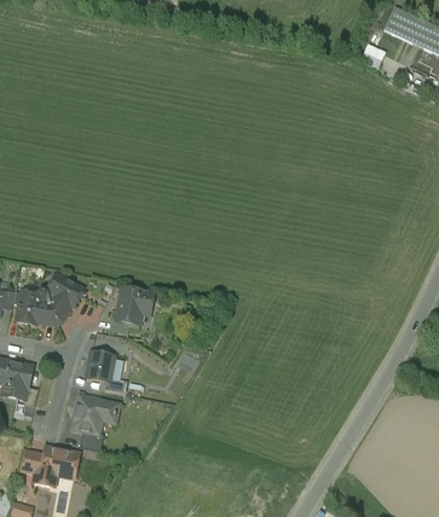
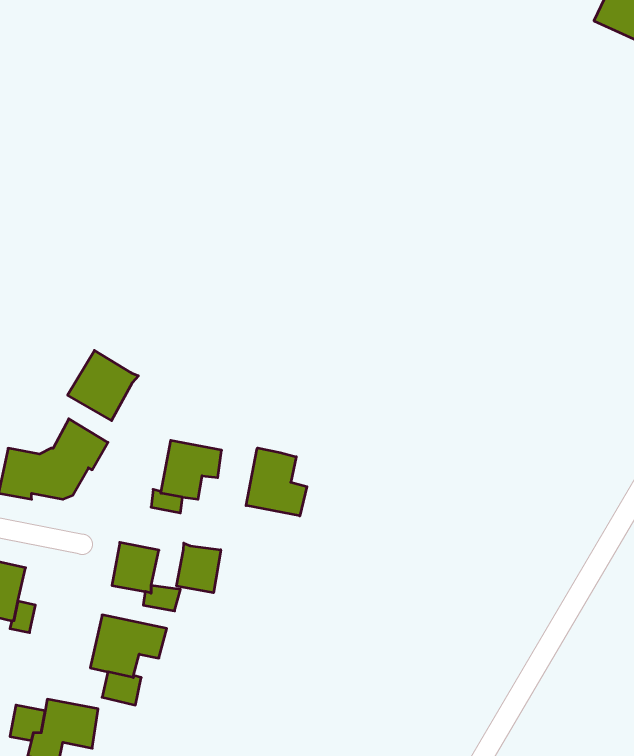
building: none -> [68,350,138,421]
building: none -> [246,448,307,516]
building: none -> [177,543,221,593]

